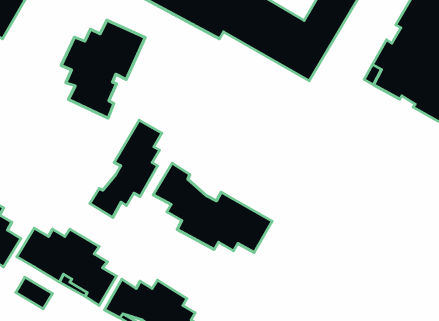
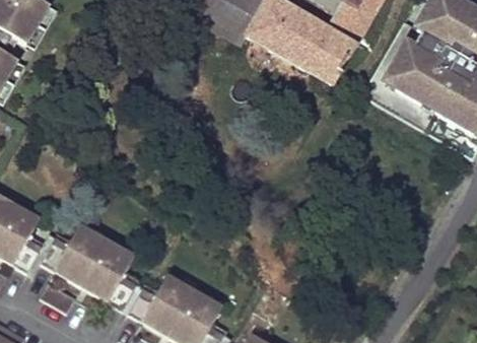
building: [61,20,145,118] -> none
building: [90,120,162,217] -> none
building: [153,163,272,252] -> none

